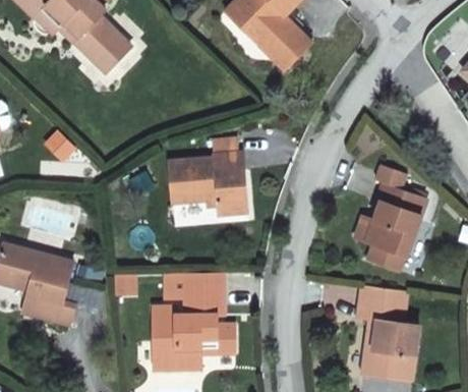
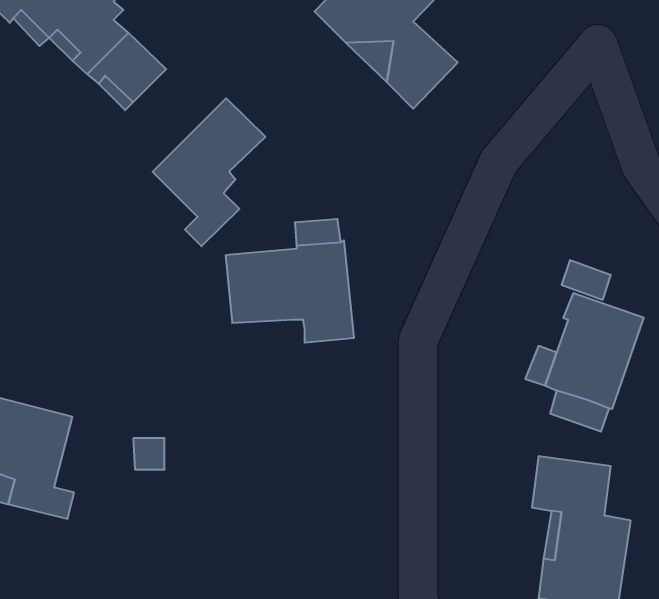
building: none -> [153,98,265,246]
building: [153,273,234,369] -> none

